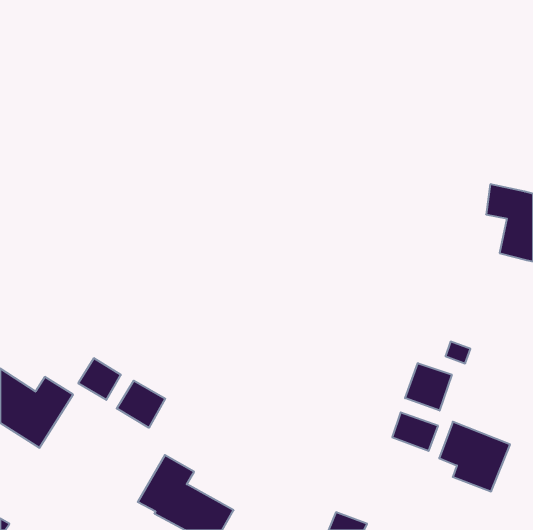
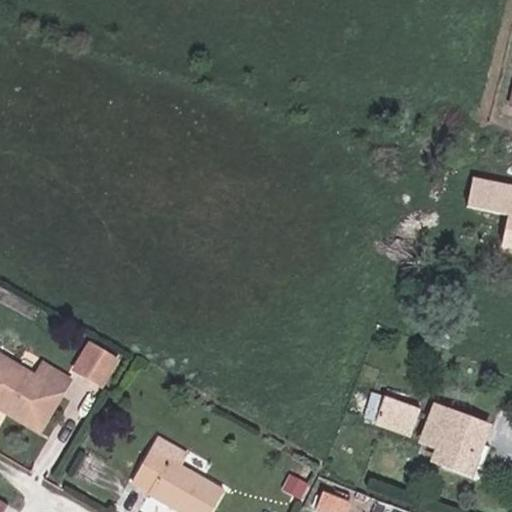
building: [405,363,452,411] -> none
building: [117,381,165,428] -> none

